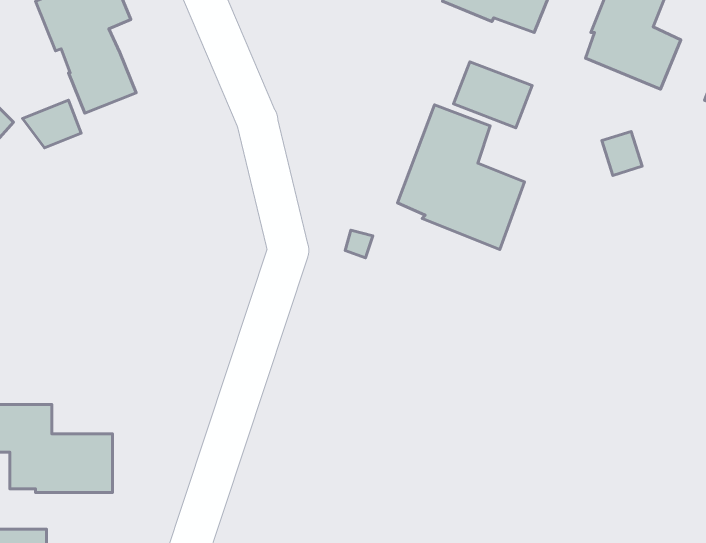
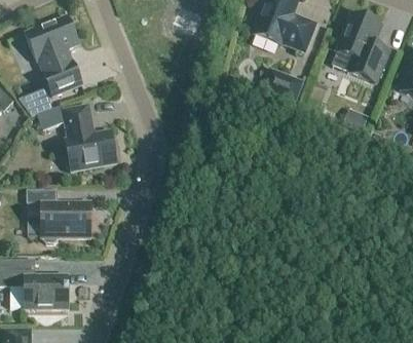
building: [398,105,525,249] -> none
building: none -> [37,104,116,169]
building: none -> [26,189,90,242]

